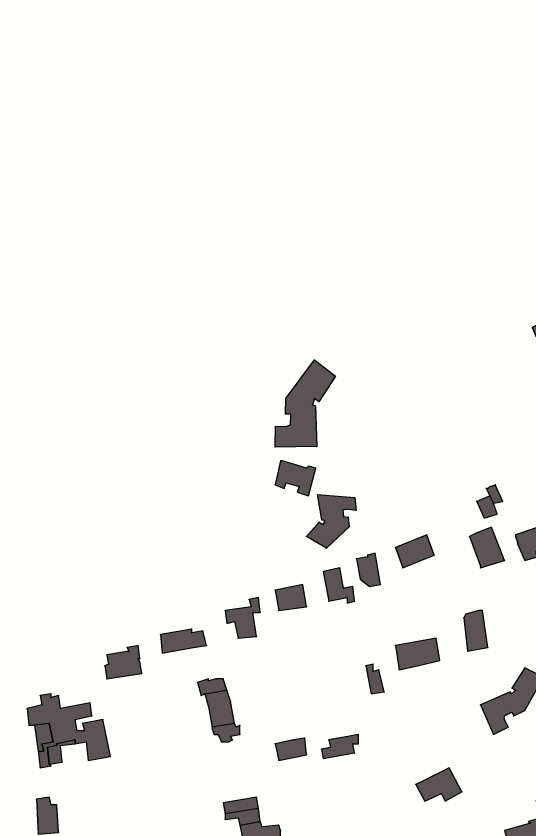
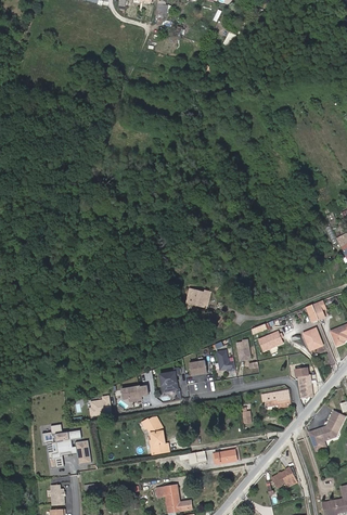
building: [275,360,335,447] -> none
building: [306,495,356,548] -> none

